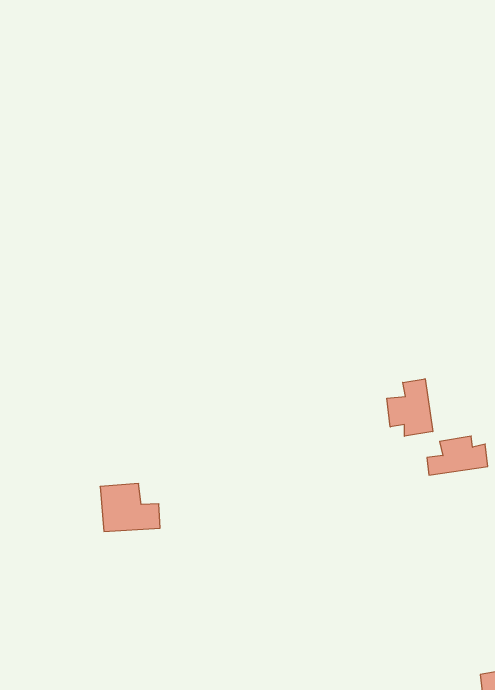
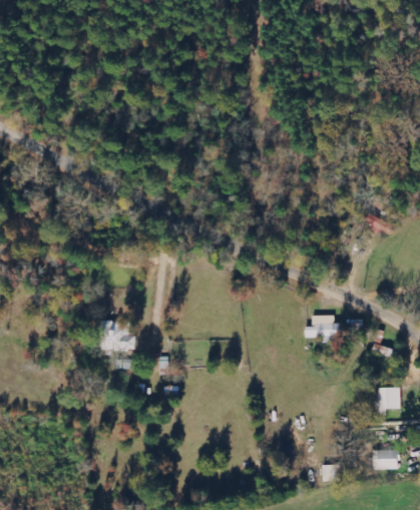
building: [387,379,433,436] -> none

